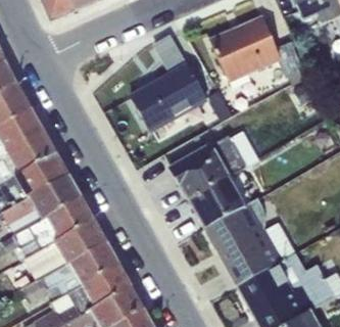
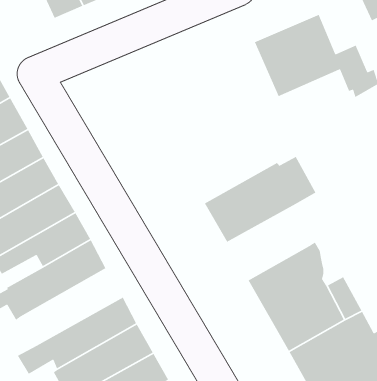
building: [130,37,230,131] -> none
building: [188,169,254,229] -> none
building: [23,220,105,281] -> none

